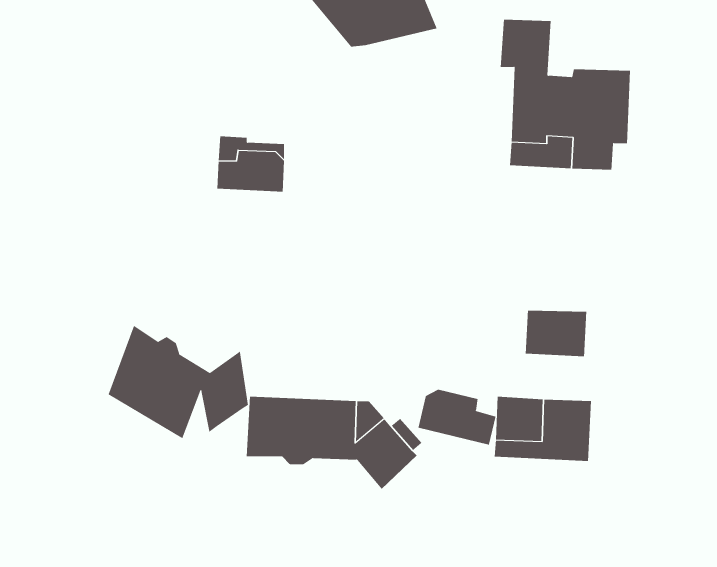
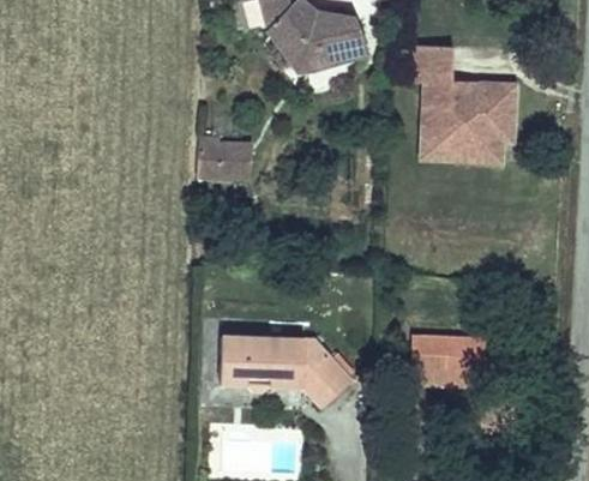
building: [525,310,587,357] -> none
building: [108,325,249,439] -> none
building: [418,389,496,445] -> none

